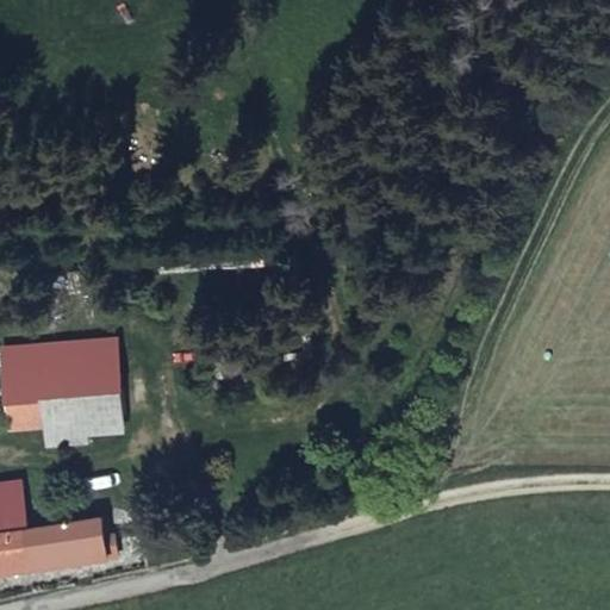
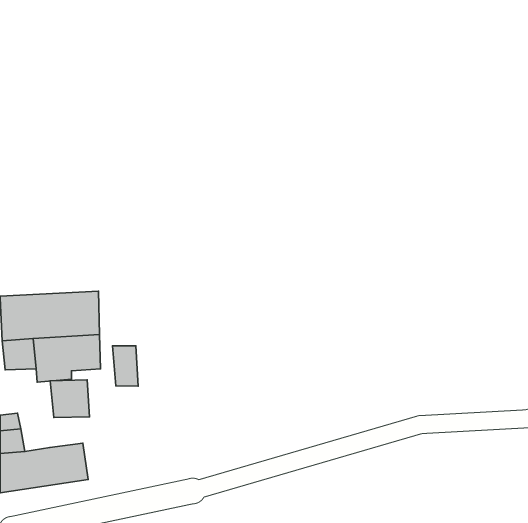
building: none -> [113,346,138,386]
building: none -> [50,380,89,418]

